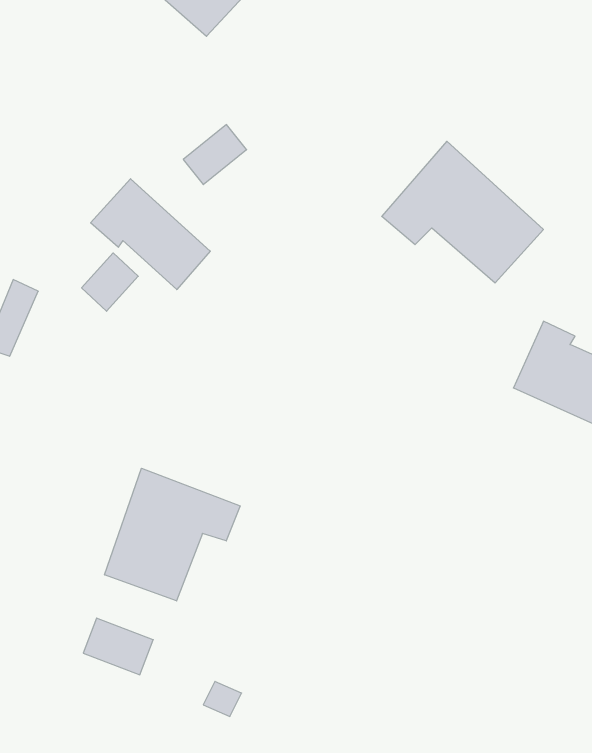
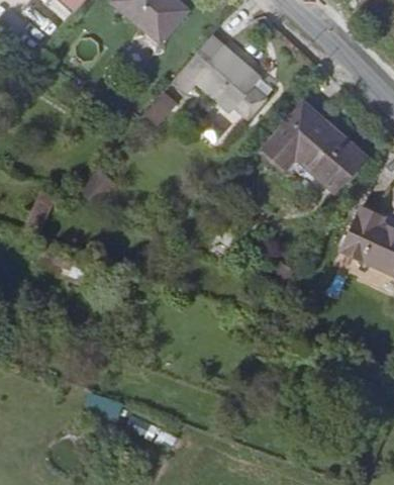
building: none -> [182,35,261,115]
building: [91,179,210,290] -> none
building: [105,468,240,601] -> none

